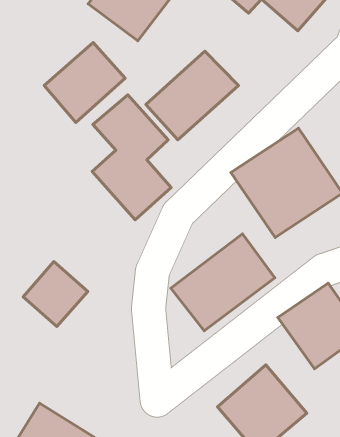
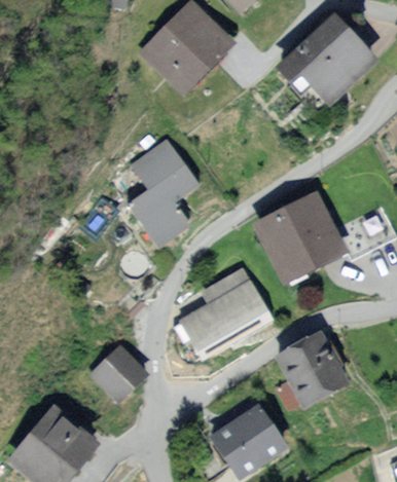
building: [44,42,125,122] -> none
building: [146,51,238,140] -> none
building: [23,262,88,327] -> [91,342,149,401]

